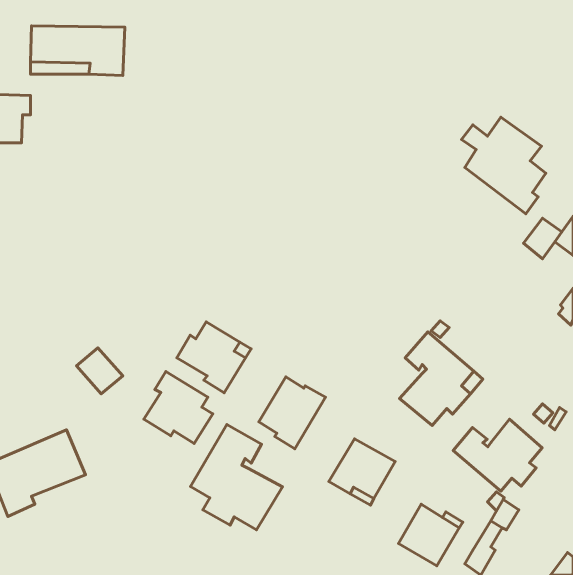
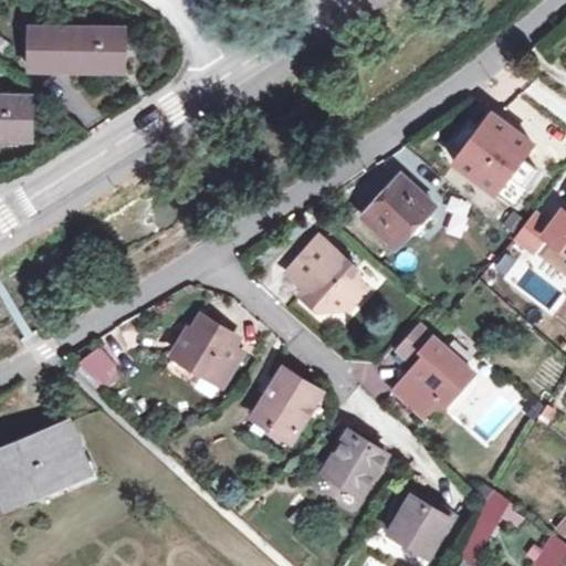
building: none -> [360,174,436,248]
building: none -> [285,237,368,311]
building: [144,372,213,443] -> none
building: [453,419,542,491] -> none
building: [191,424,283,530] -> none

